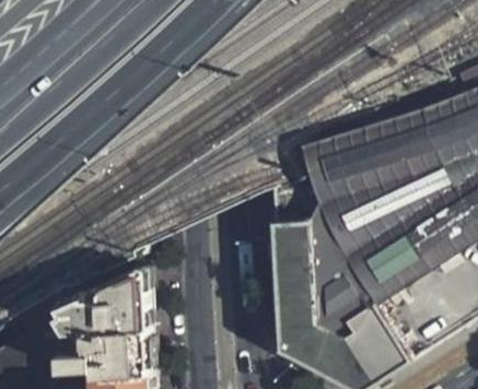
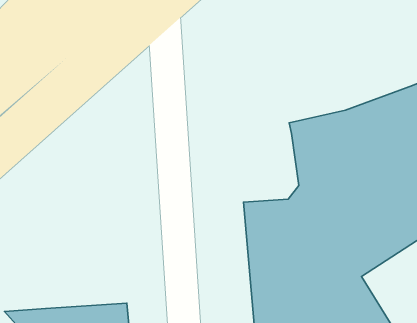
building: [54,268,147,334] -> none

